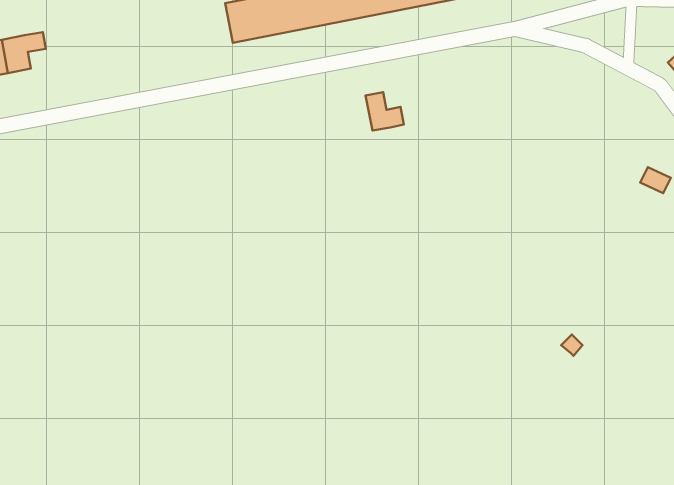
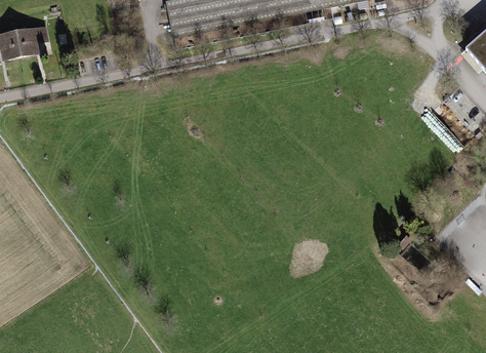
building: [365,92,404,131] -> none

